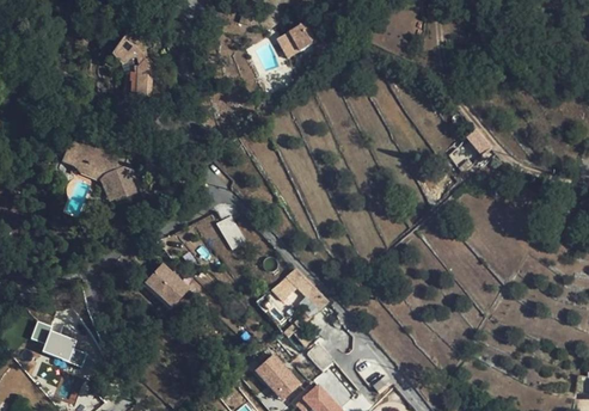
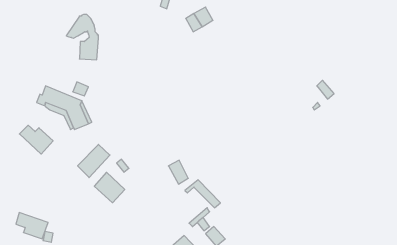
building: none -> [19,125,53,154]
building: [215,214,244,249] -> [168,160,188,184]
building: none -> [78,144,110,178]

